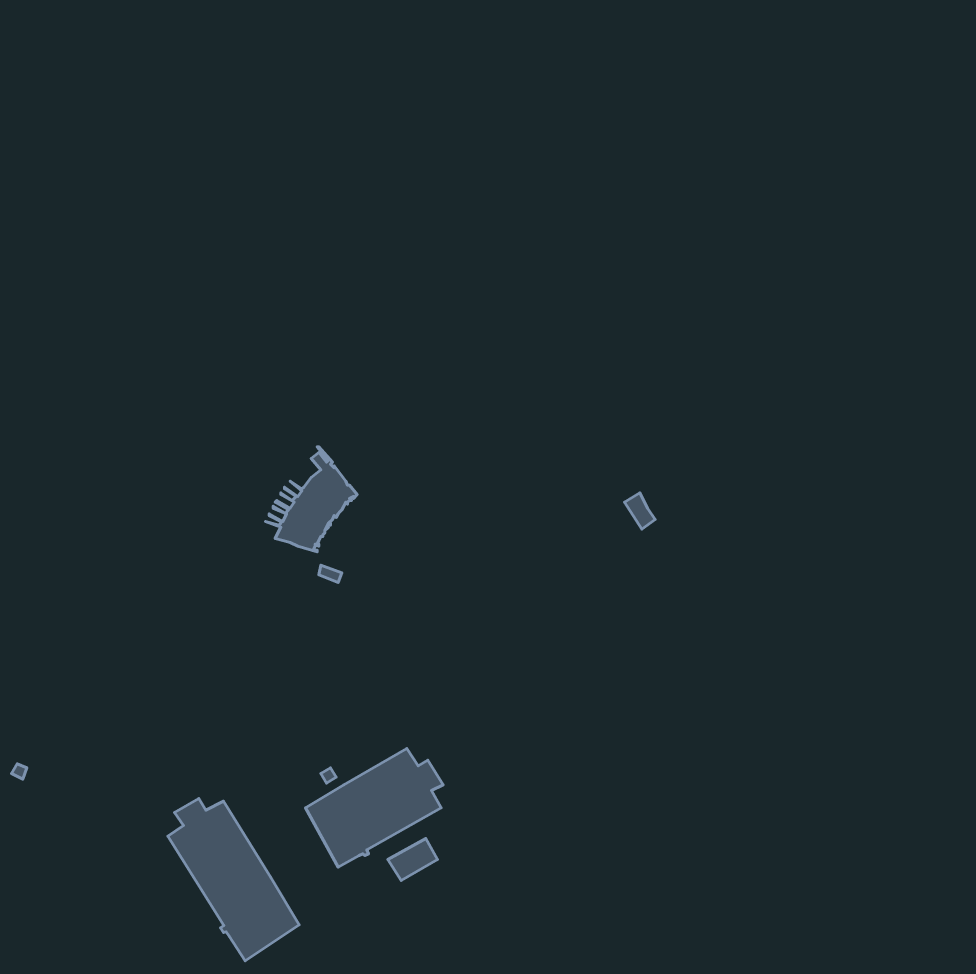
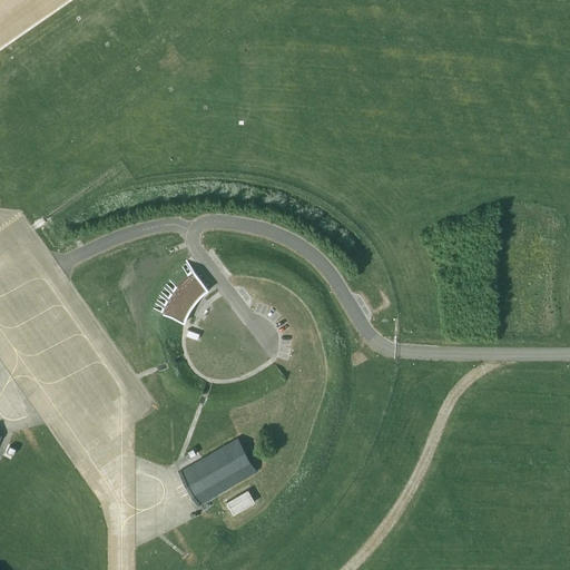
building: [168,798,299,961] -> none

